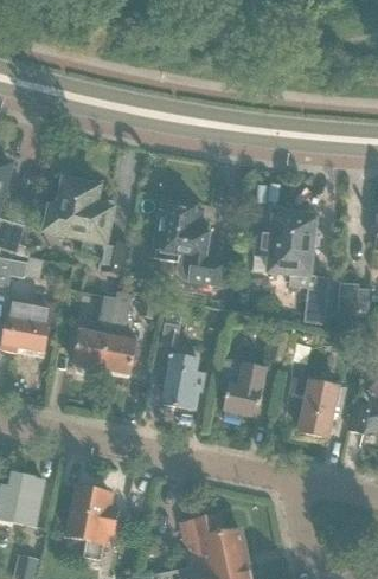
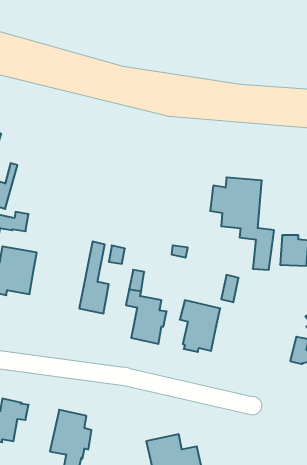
building: [45,175,128,274] -> none
building: [154,200,214,282] -> none
building: [73,289,117,367] -> none
building: [289,375,340,436] -> none

